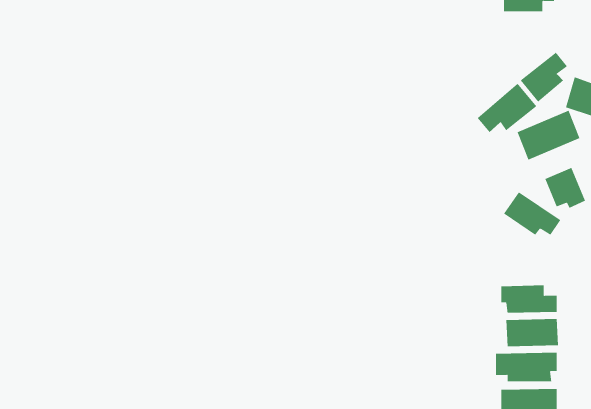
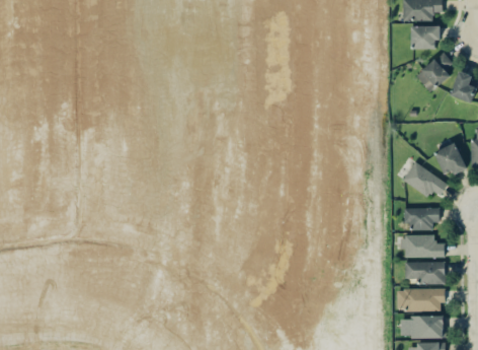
building: none -> [411,25,440,49]
building: [477,83,537,133] -> none
building: [517,110,580,160] -> none
building: none -> [403,207,440,229]

